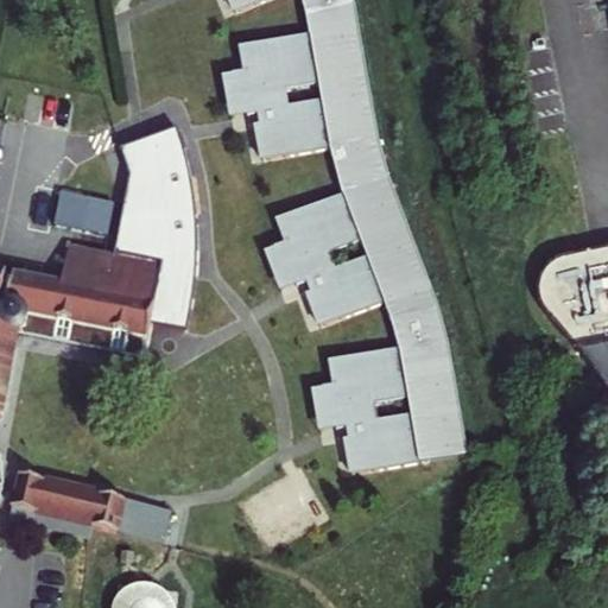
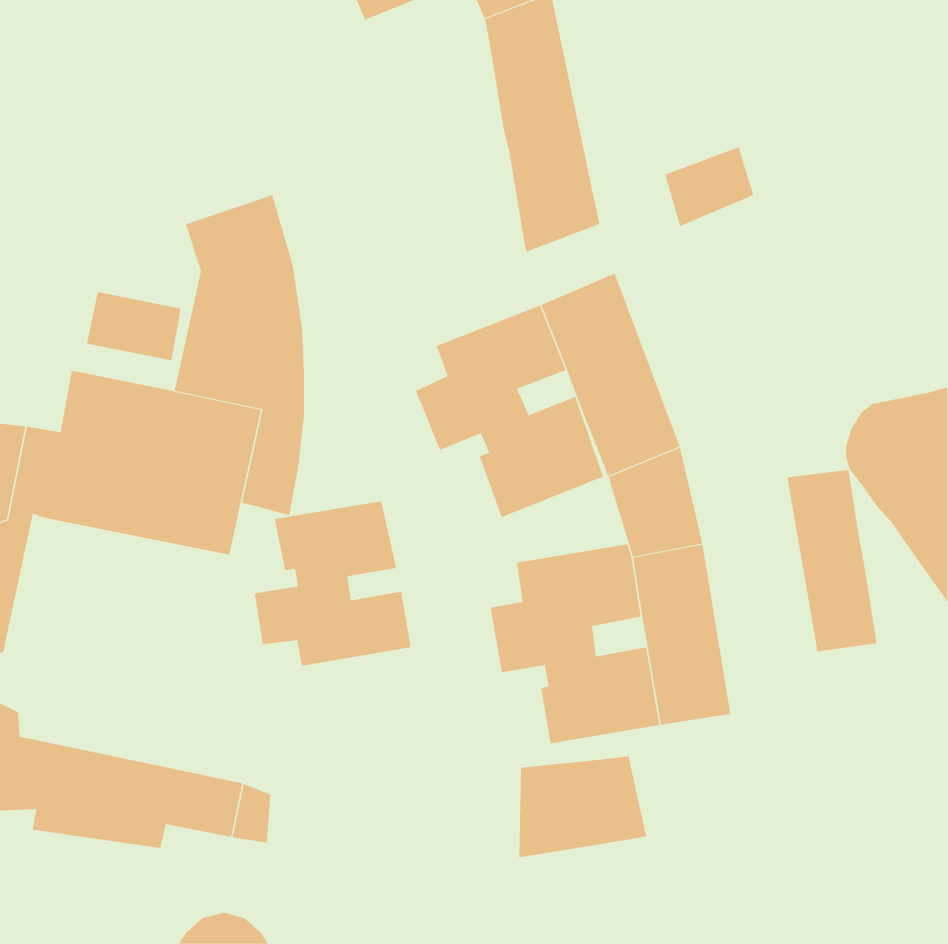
building: [221,31,331,159] -> none
building: [334,142,391,194] -> [664,147,754,227]
building: none -> [787,469,877,652]
building: none -> [254,501,411,667]
building: none -> [519,756,647,858]

